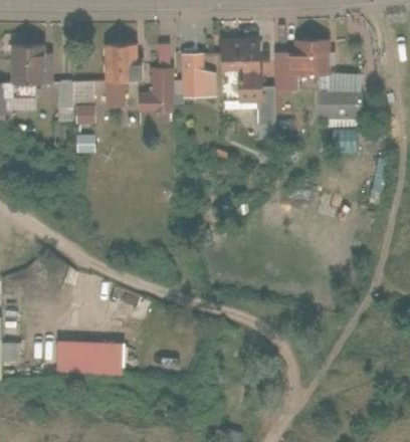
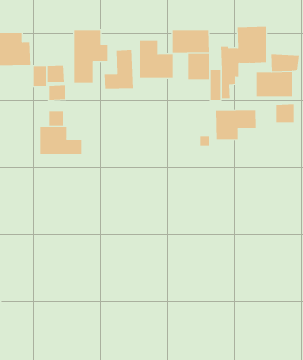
building: none -> [216,110,256,140]
building: none -> [40,126,82,155]
building: [57,342,123,375] -> none

